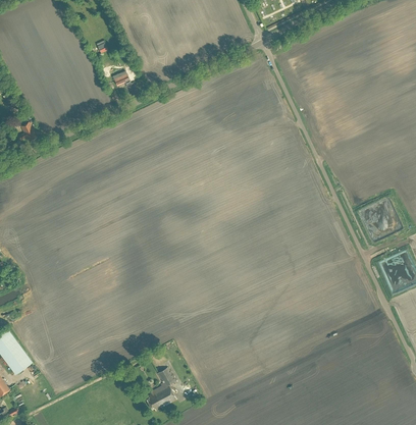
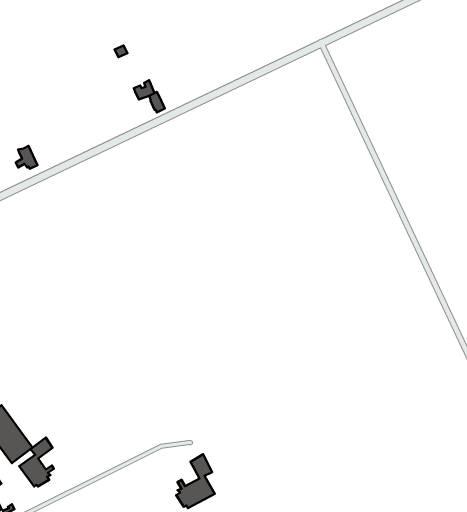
building: none -> [19,437,54,487]

